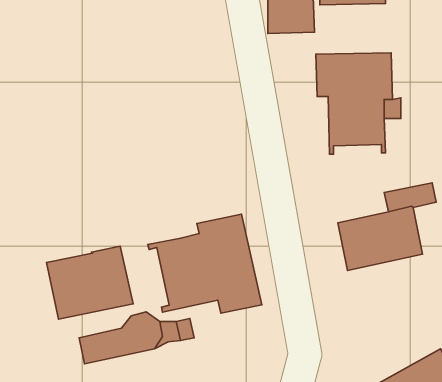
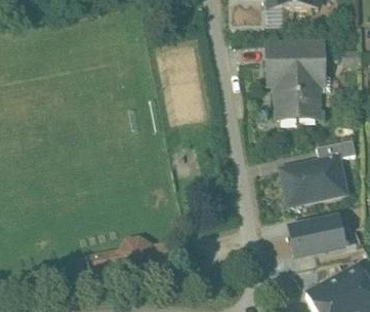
building: [148,214,262,313] -> none
building: [46,246,133,319] -> none
building: none -> [290,219,344,255]

